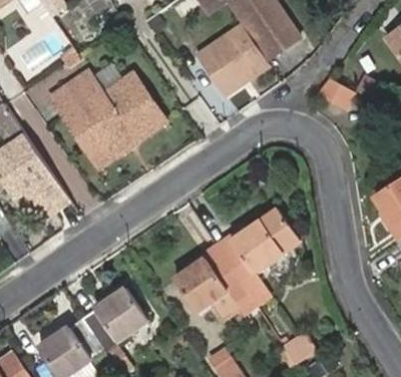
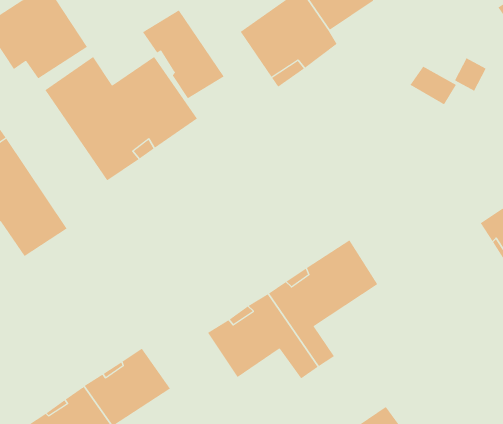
building: none -> [142,9,224,99]

